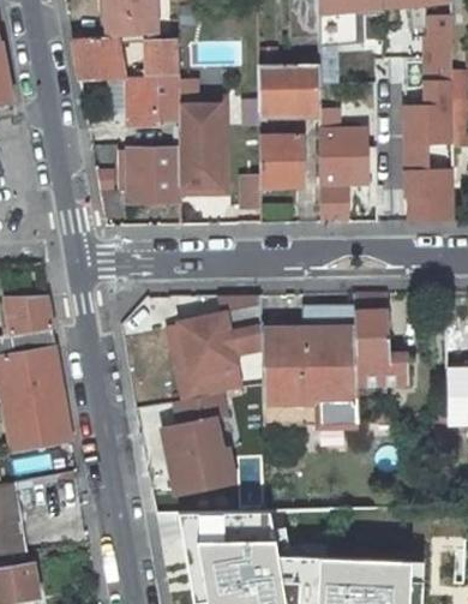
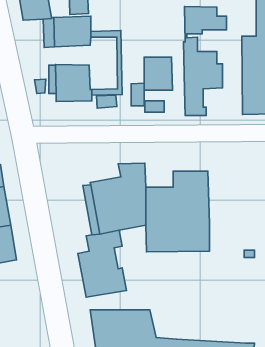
building: [258,64,320,114] -> none
building: [178,107,220,185] -> none
building: [354,293,406,384] -> none

